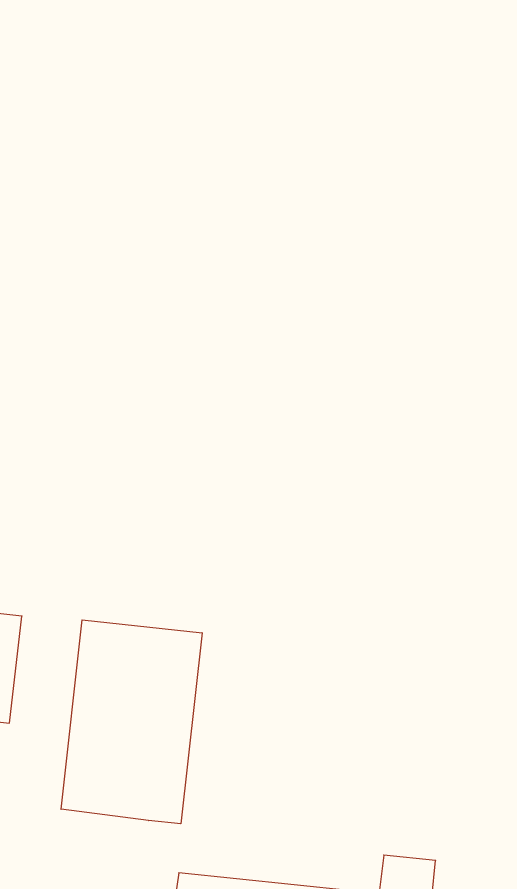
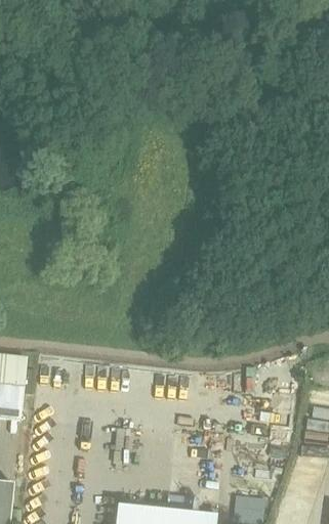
building: [61,620,202,824] -> none

